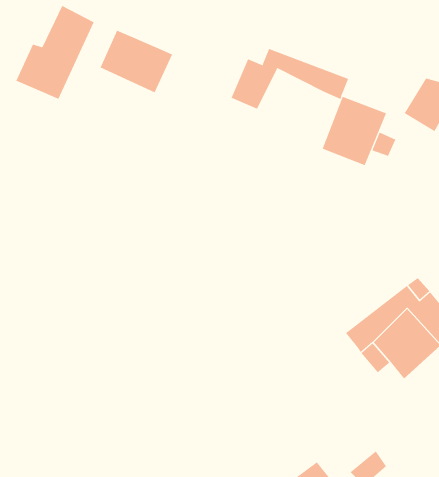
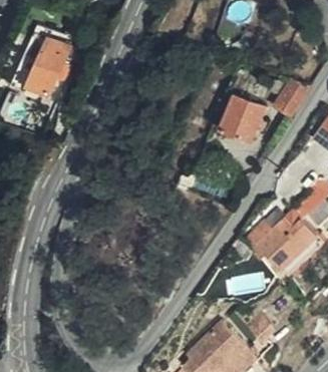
building: [100,30,173,93] -> none
building: [231,48,349,109] -> none

